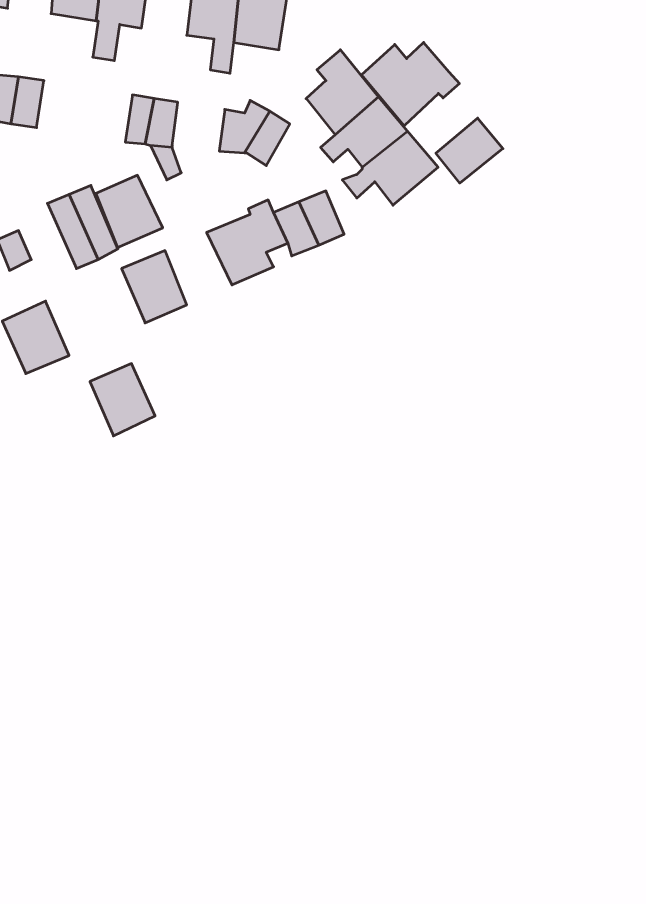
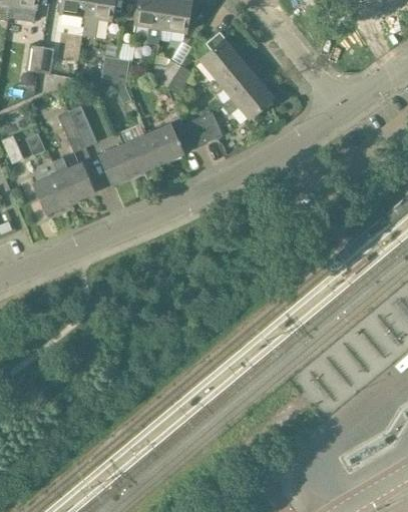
building: [361,42,459,126] -> none
building: [436,118,503,183] -> none
building: [96,175,163,248] -> [122,133,159,173]
building: [90,364,155,436] -> [56,161,92,201]

